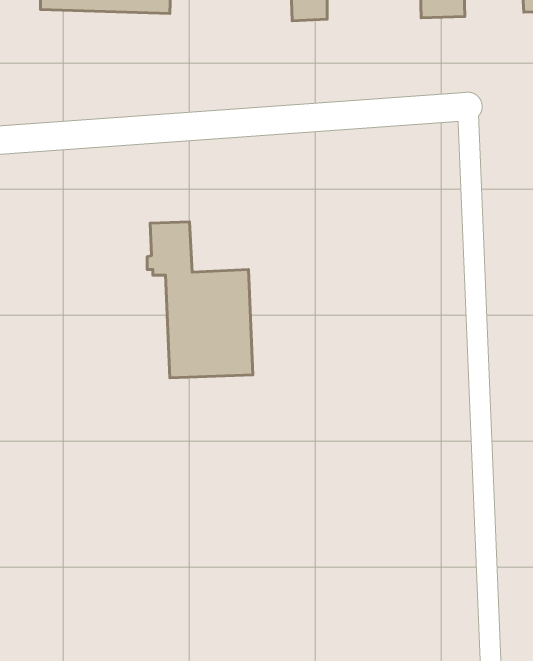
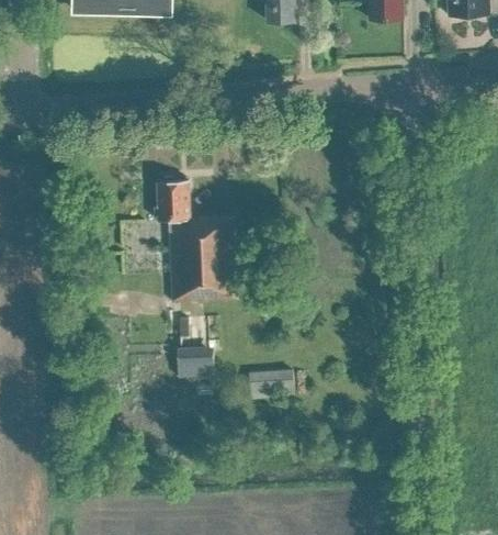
building: none -> [178,345,214,376]
building: none -> [248,368,297,398]

